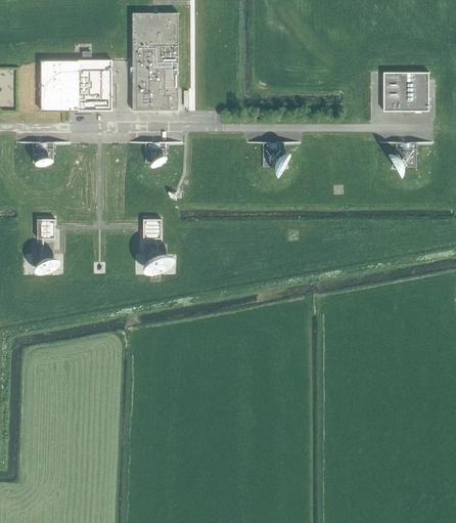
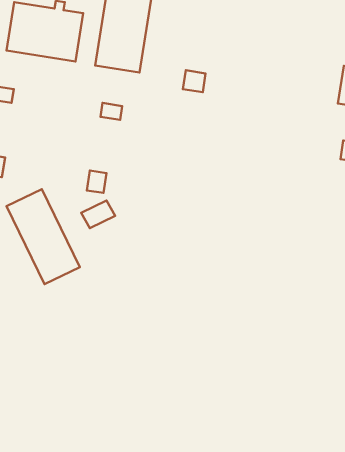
building: [262,147,282,167] -> [183,70,206,92]
building: none -> [7,189,80,284]

